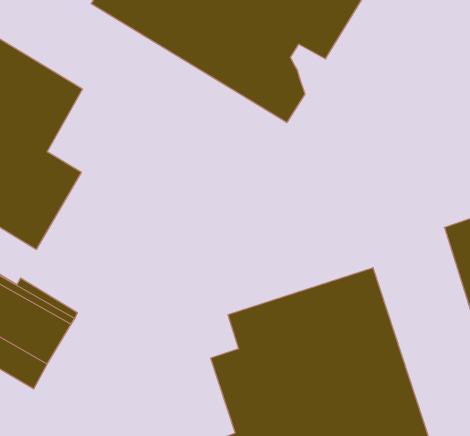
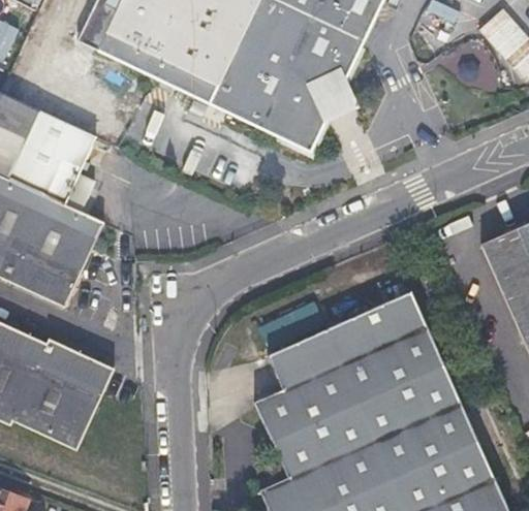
building: none -> [305,70,356,121]

